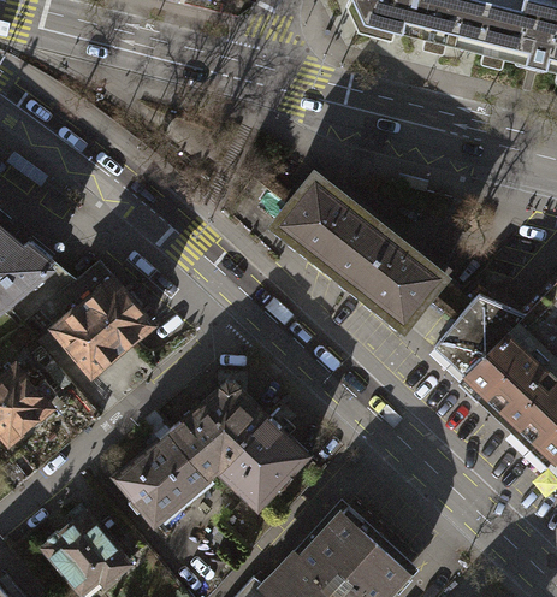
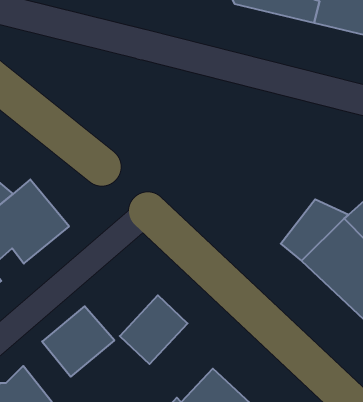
building: [274,175,443,326] -> none
building: [171,385,268,477] -> none

